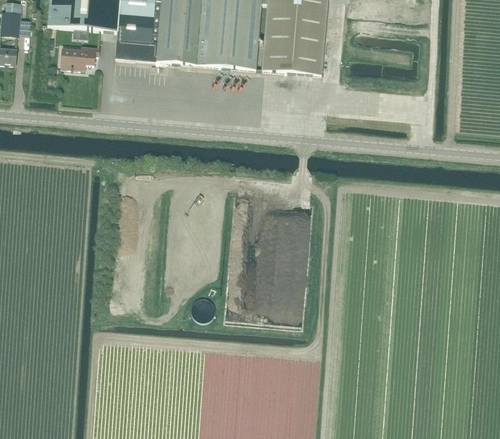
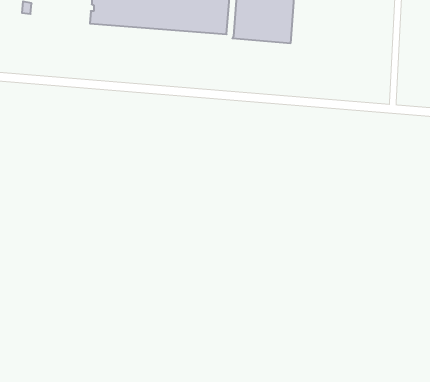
building: [60,44,98,67] -> none

